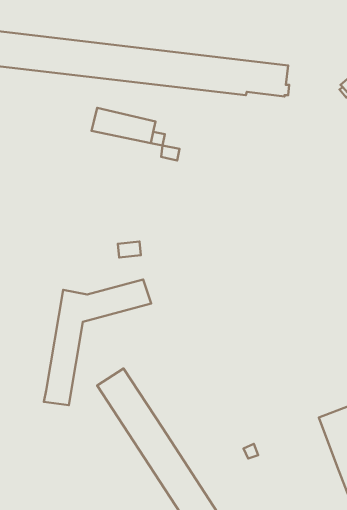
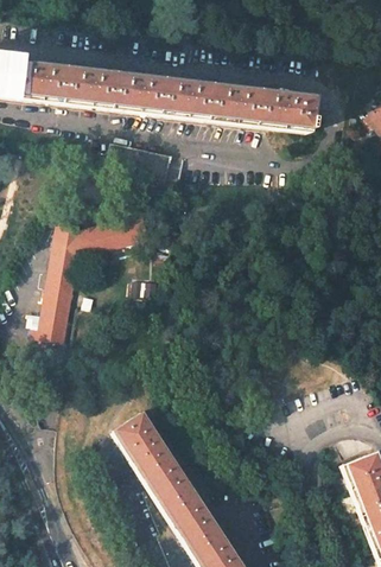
building: [44,280,151,405] -> [39,211,151,342]

